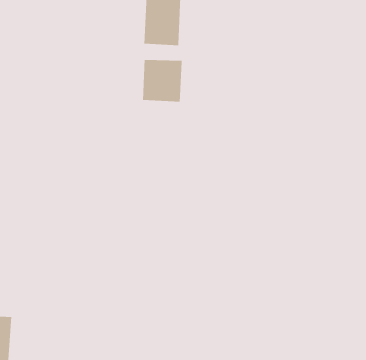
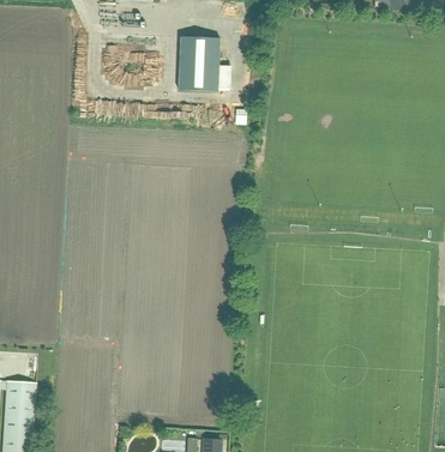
building: [142,59,183,102] -> none

